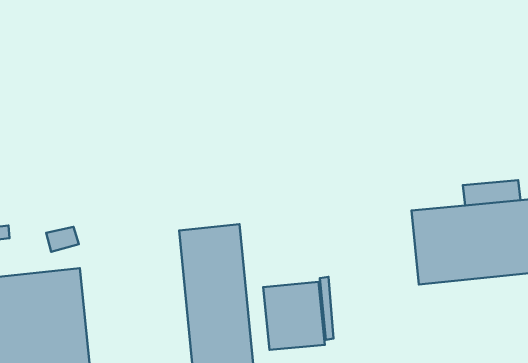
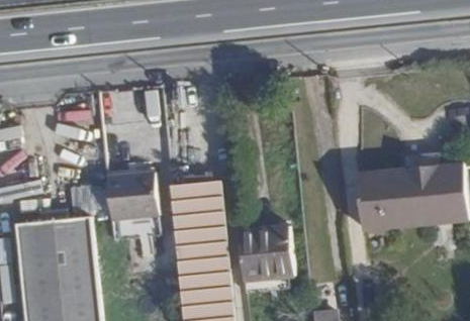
building: none -> [105,176,160,242]

